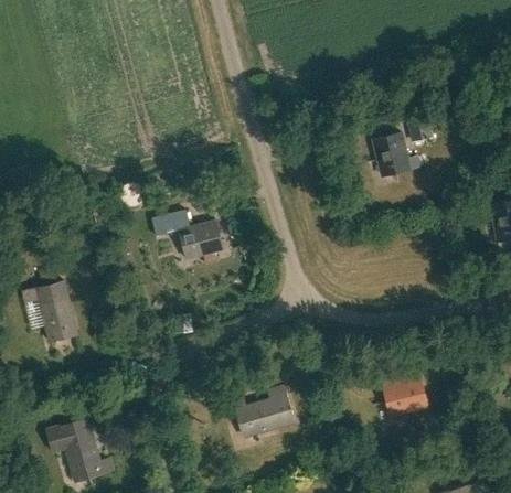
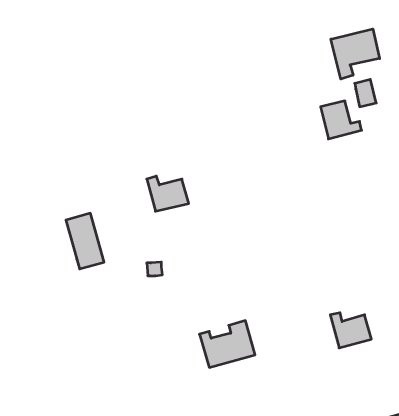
building: none -> [331,29,380,79]
building: [33,280,76,343] -> [66,213,104,269]
building: [46,417,117,480] -> none

